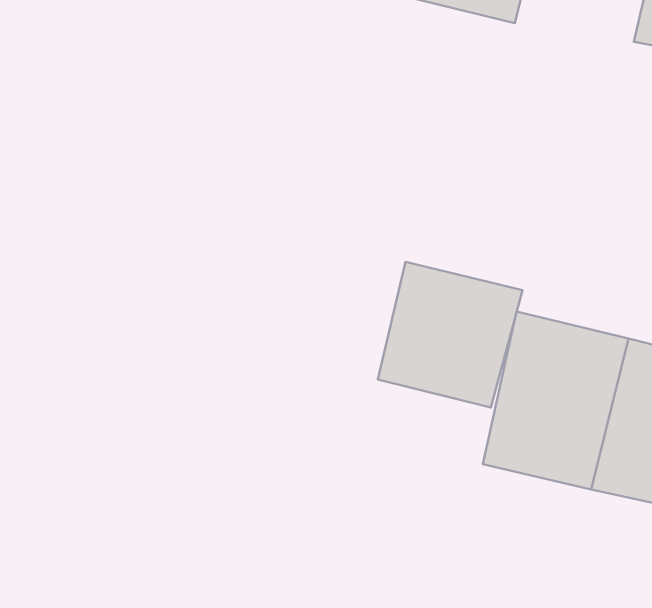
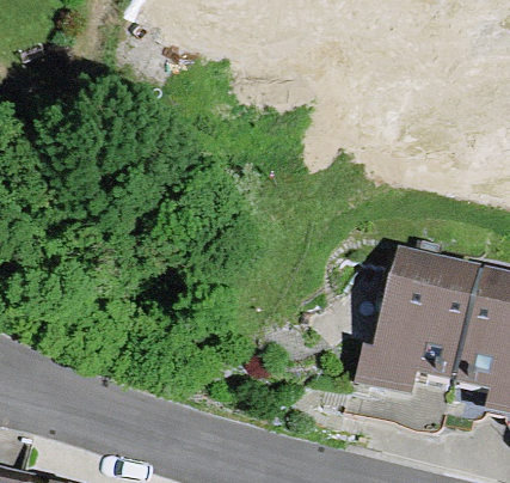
building: [378,262,522,408] -> none

